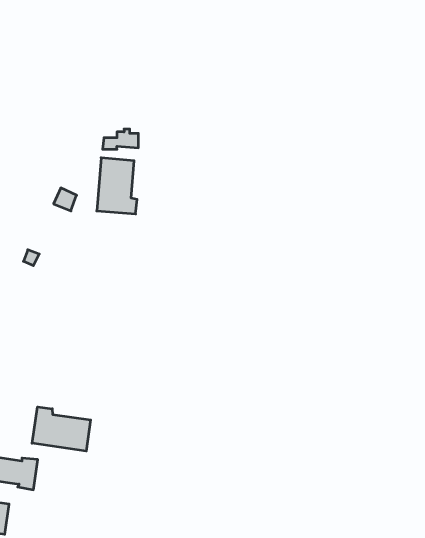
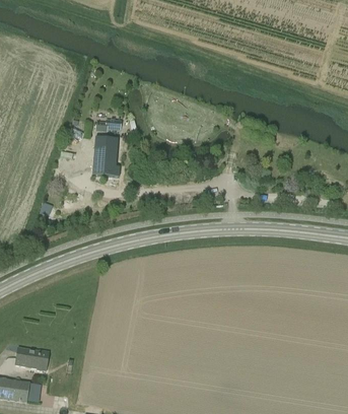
building: [32,407,91,451] -> none

